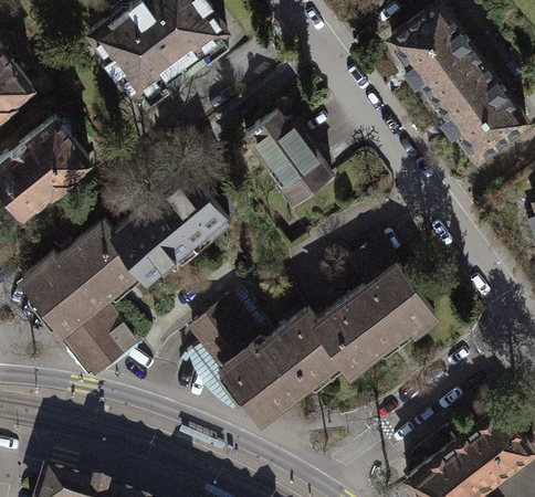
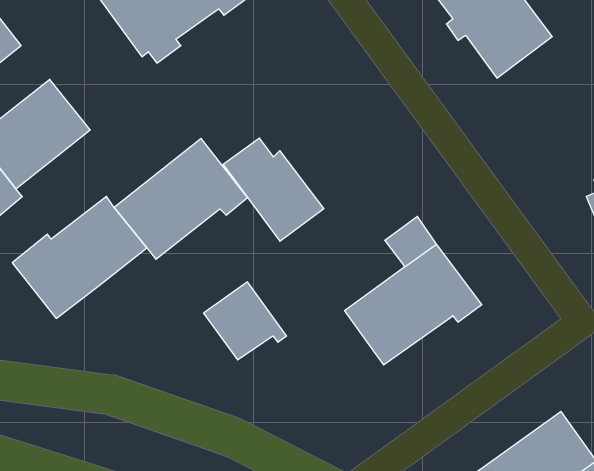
building: [442,82,527,158] -> none
building: [245,115,334,205] -> [223,138,324,241]
building: [62,300,136,374] -> none
building: [221,314,340,417] -> none

